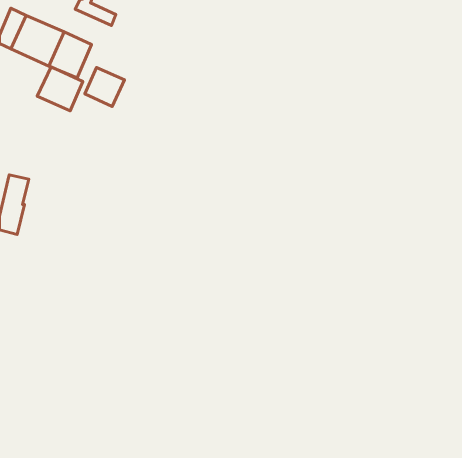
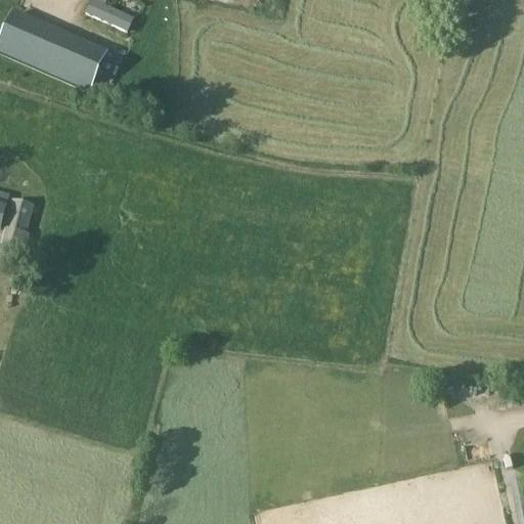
building: [37,67,83,111] -> none
building: [85,67,125,107] -> none

